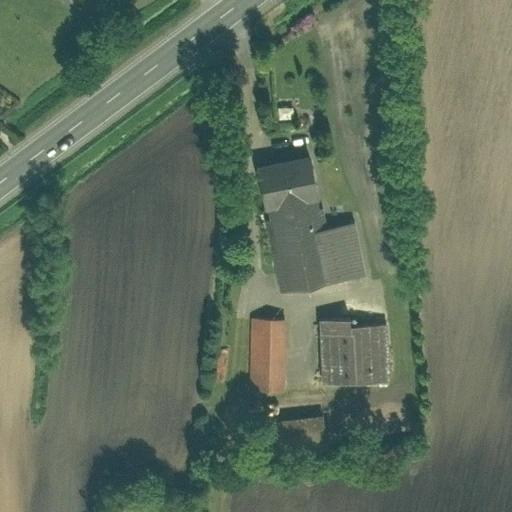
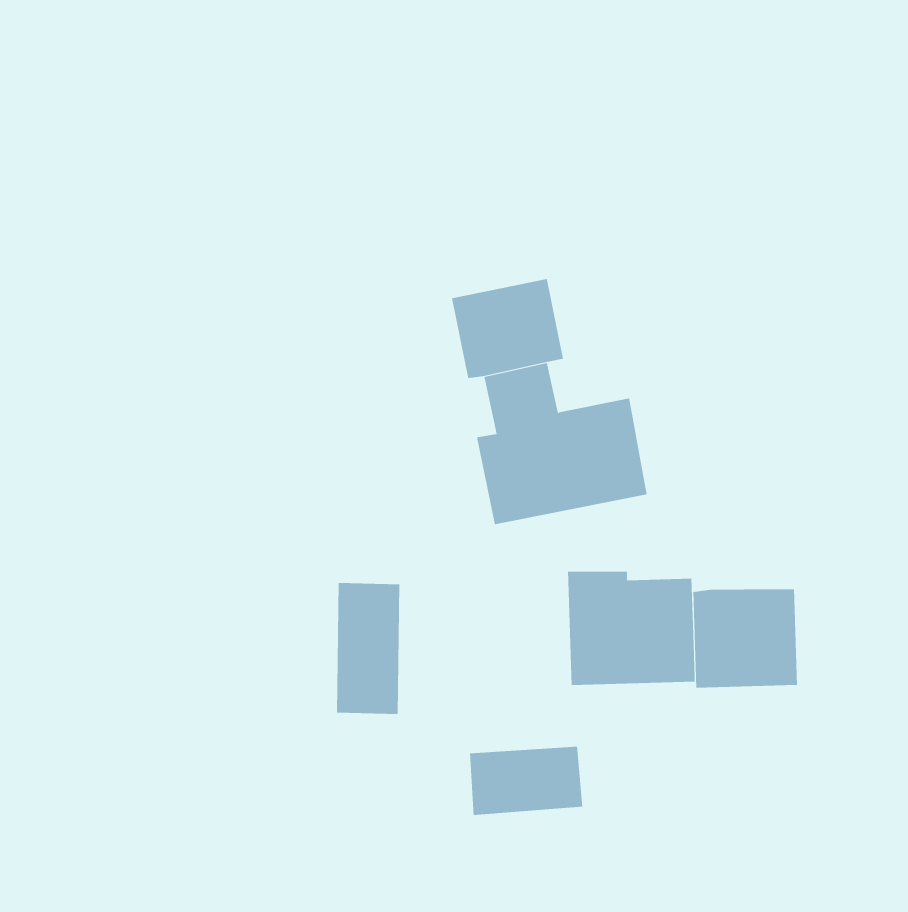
building: [250,320,286,394] -> [336,582,400,715]
building: none -> [693,588,797,688]

